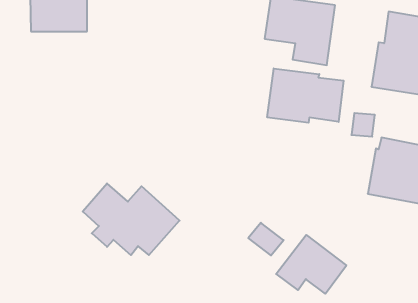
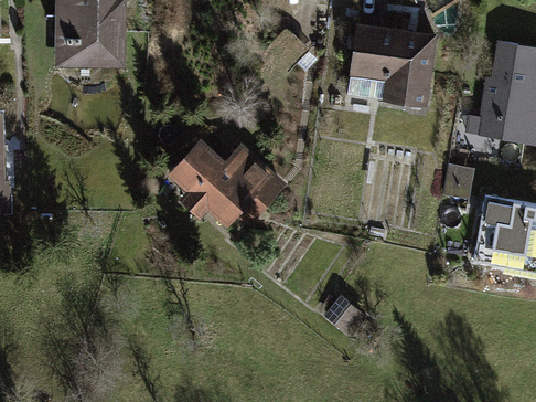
building: [267,68,344,123] -> none
building: [83,183,180,255] -> [172,138,290,225]
building: [276,235,346,294] -> none

